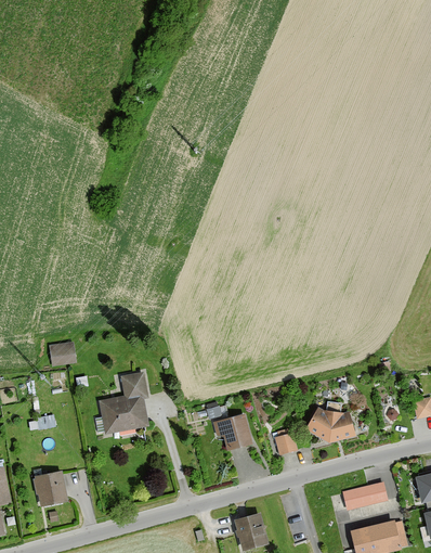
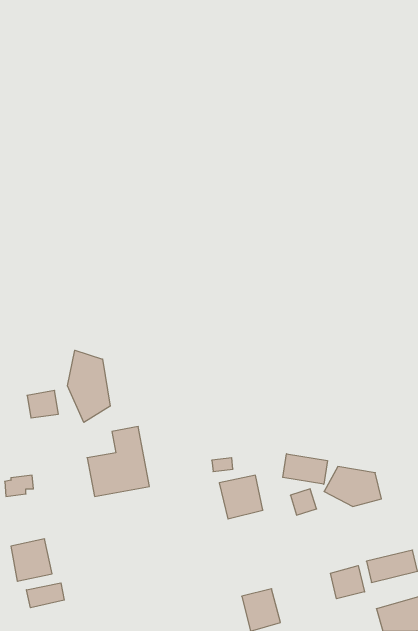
building: none -> [67,350,110,422]
building: none -> [283,454,327,484]
building: none -> [330,566,365,599]
building: none -> [26,583,64,608]

